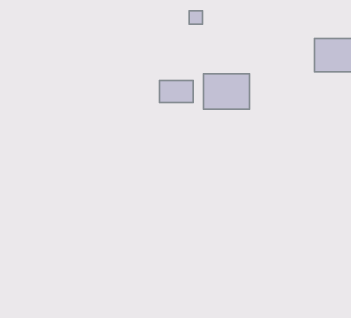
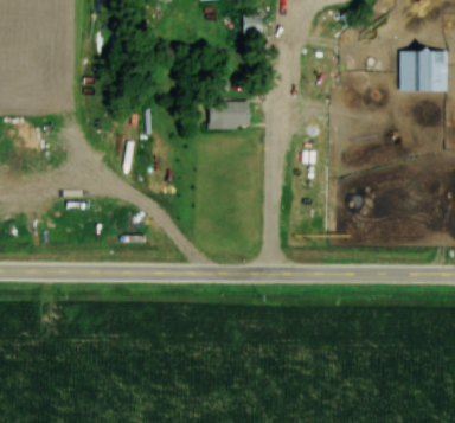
building: [204,74,249,109] -> none

